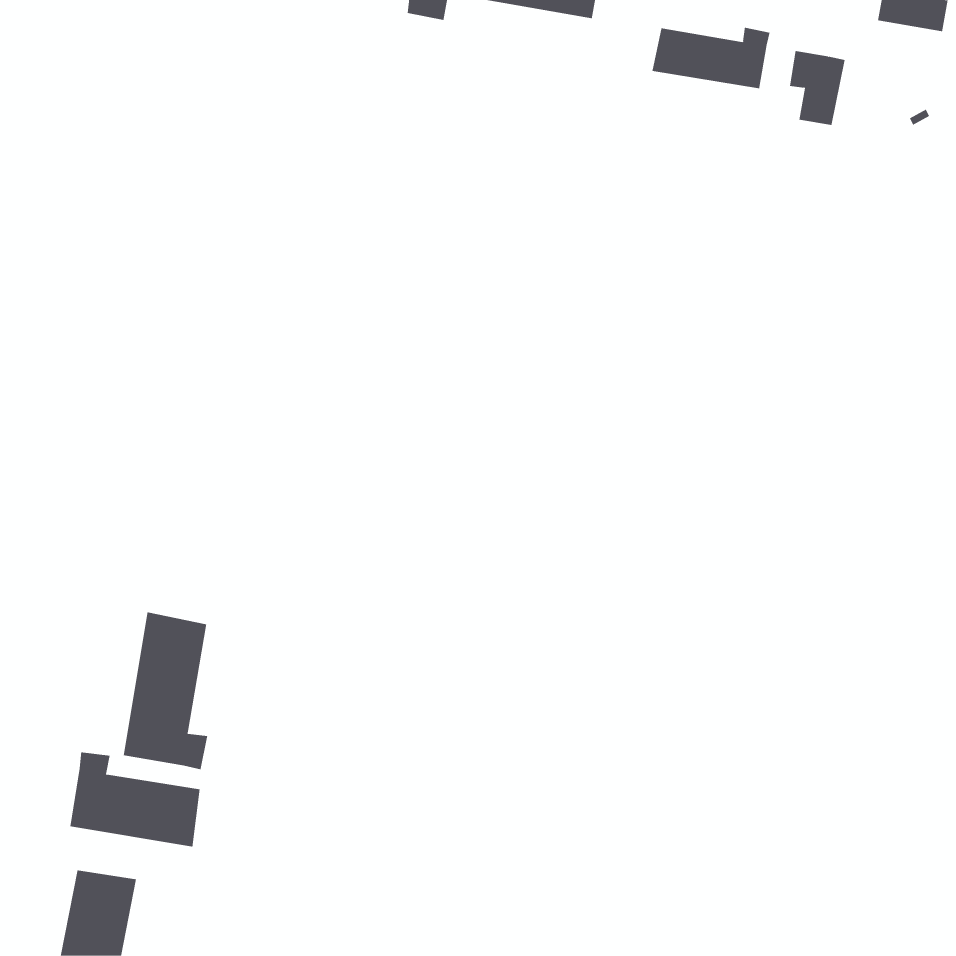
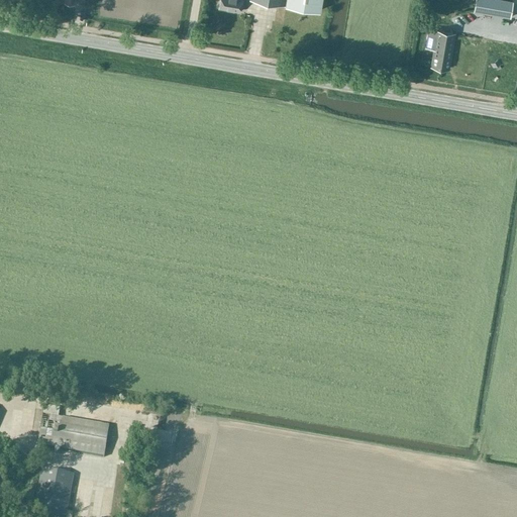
building: [652,27,770,89] -> none
building: [123,611,208,770] -> none

